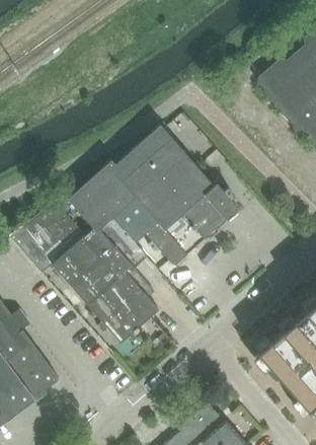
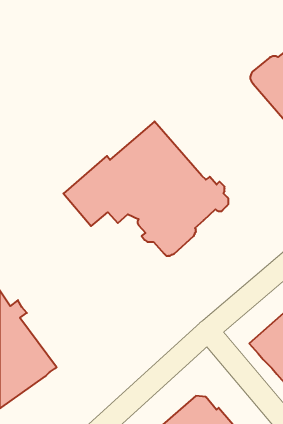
building: [11,199,161,346] -> none

